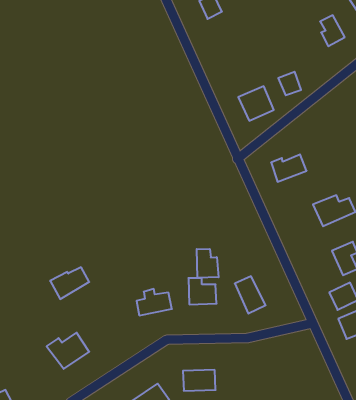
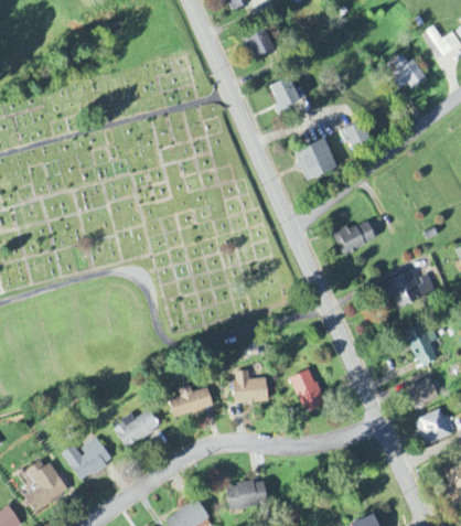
building: none -> [269,76,300,109]
building: [197,249,219,278] -> none
building: [50,267,89,299] -> [112,409,160,448]
building: none -> [24,459,67,512]

